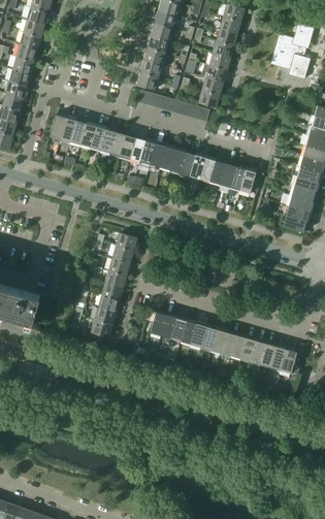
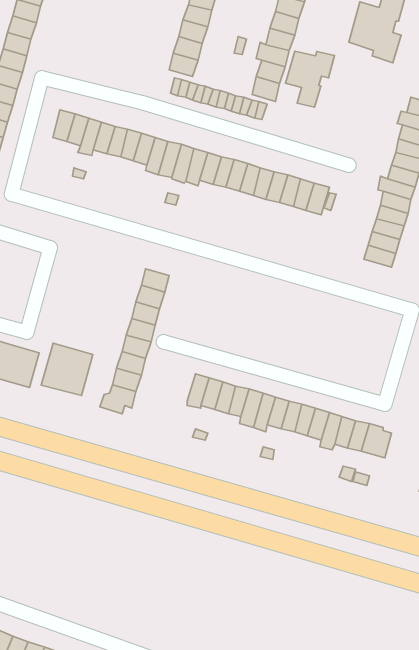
building: none -> [286,51,334,107]
building: none -> [41,343,93,396]

